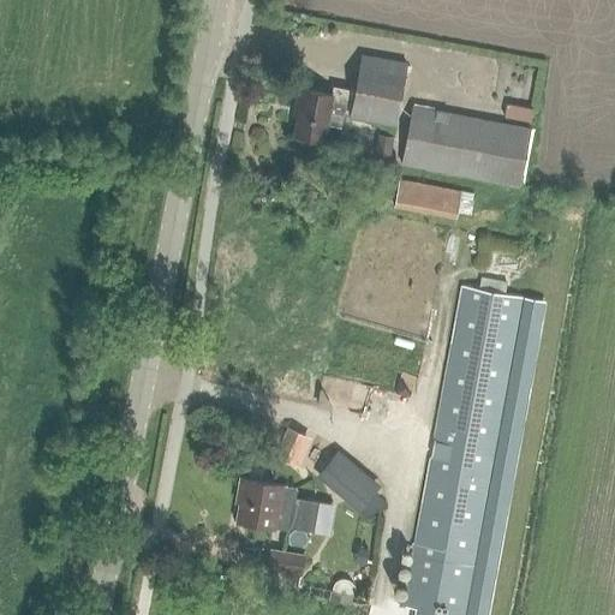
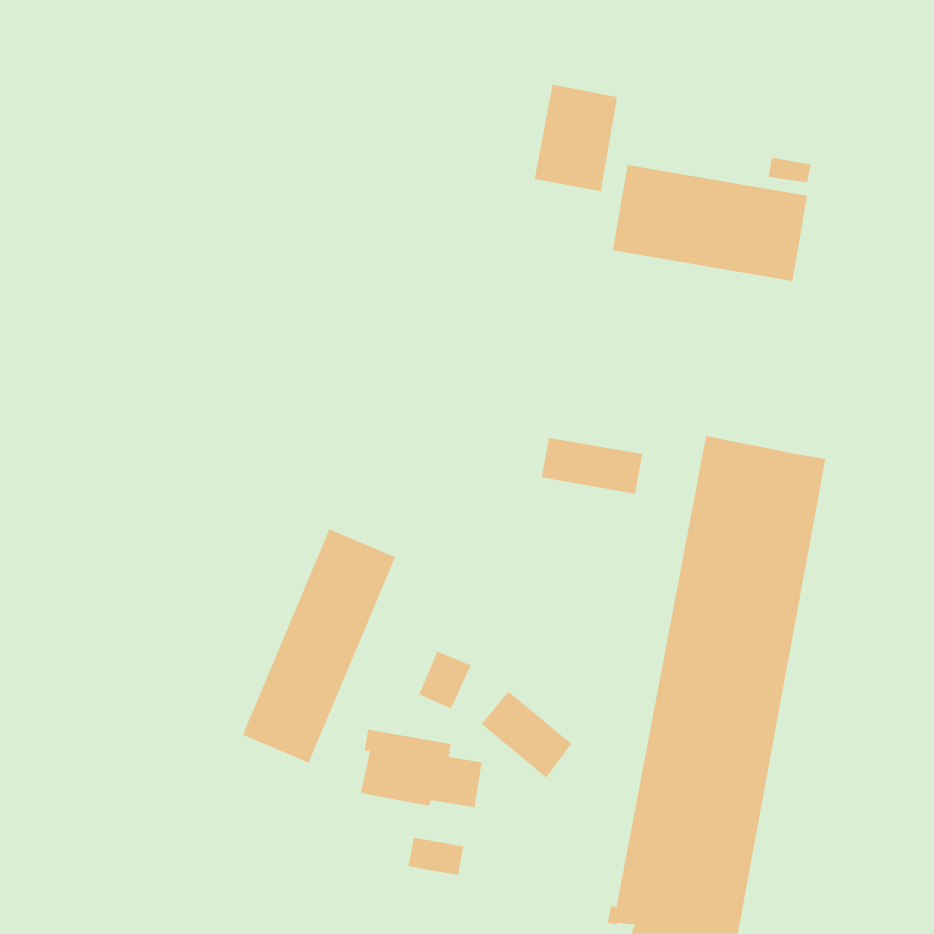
building: [294,88,348,141] -> none
building: [395,181,462,219] -> [541,437,643,494]
building: none -> [242,529,396,764]

